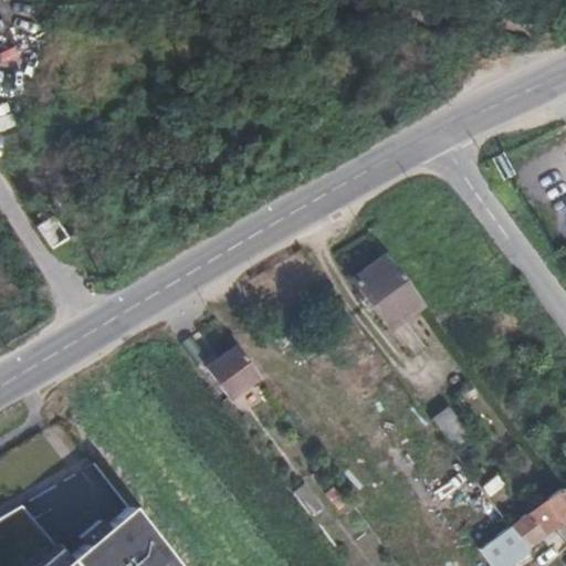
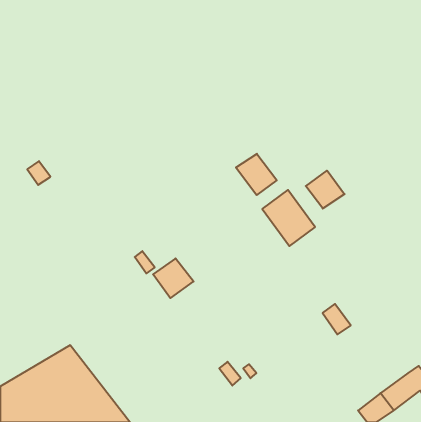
building: none -> [236,154,277,195]
building: none -> [306,171,345,209]

